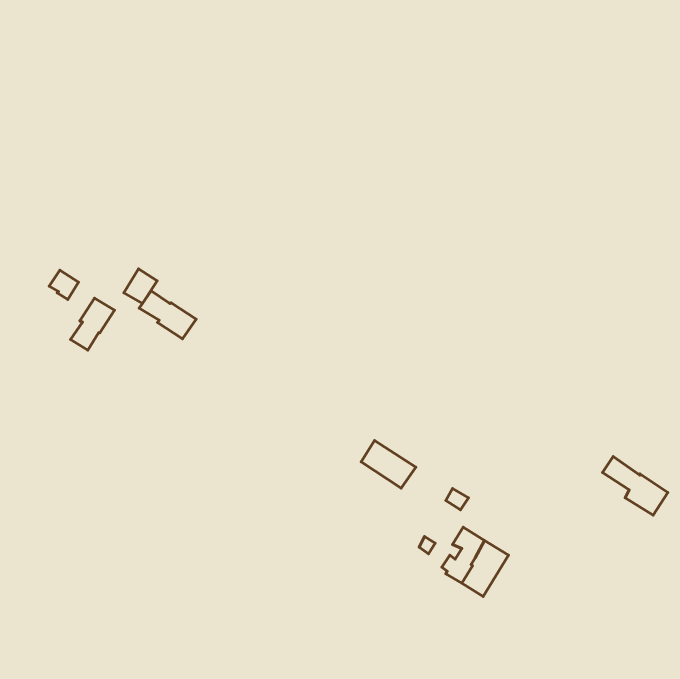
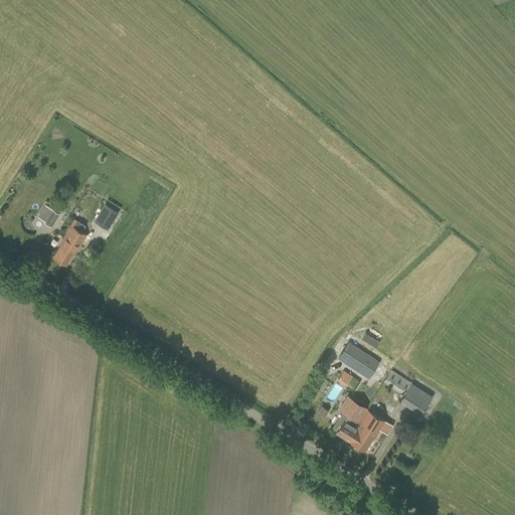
building: [139,291,196,339] -> none
building: [361,440,416,488] -> [338,343,379,379]
building: [603,457,668,515] -> [383,370,433,414]

